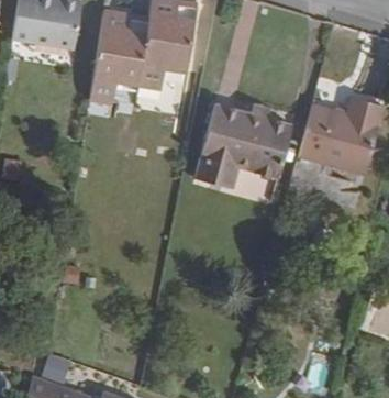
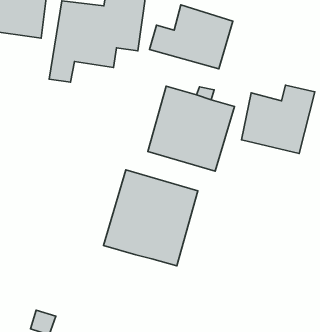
building: none -> [149,5,233,69]
building: none -> [103,170,198,266]

